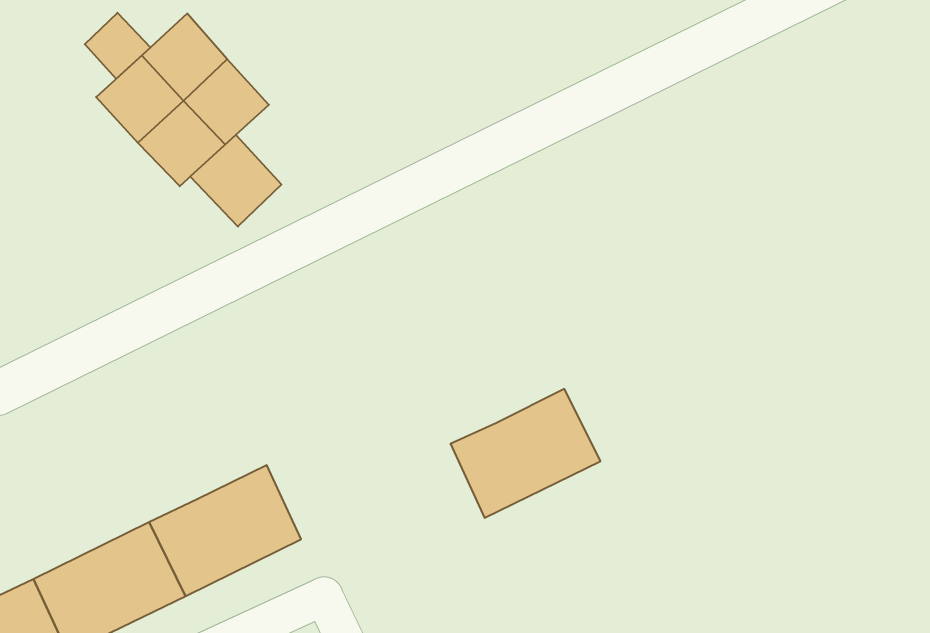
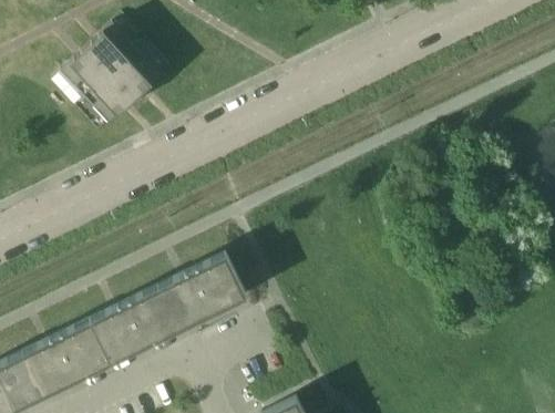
building: [85,13,150,79] -> none
building: [190,135,281,227] -> none
building: [450,389,600,518] -> [160,254,247,329]

